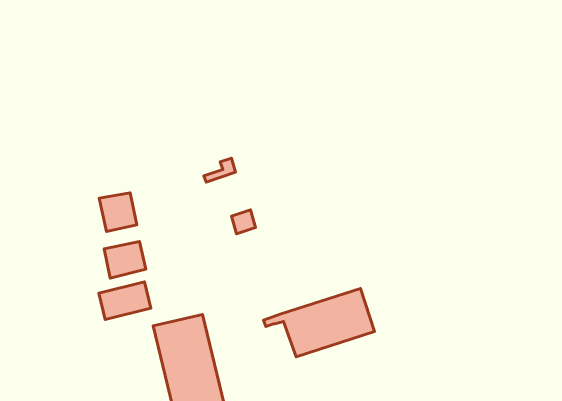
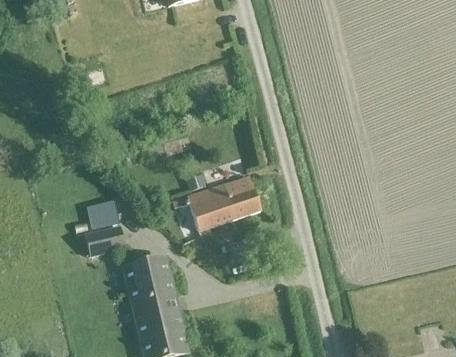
building: [99,193,137,232] -> none
building: [263,289,375,357] -> [172,176,260,230]

